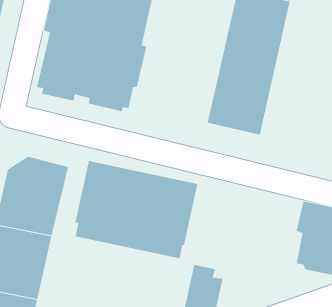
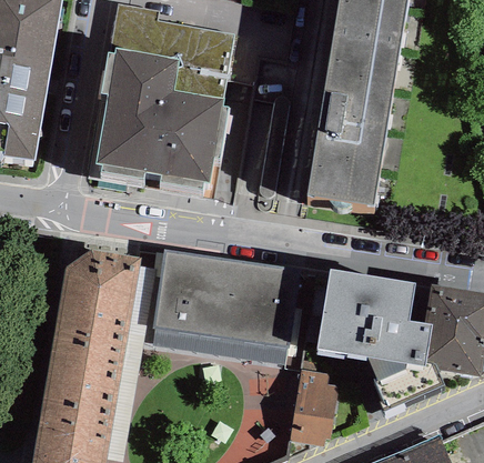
building: none -> [316,269,443,410]

